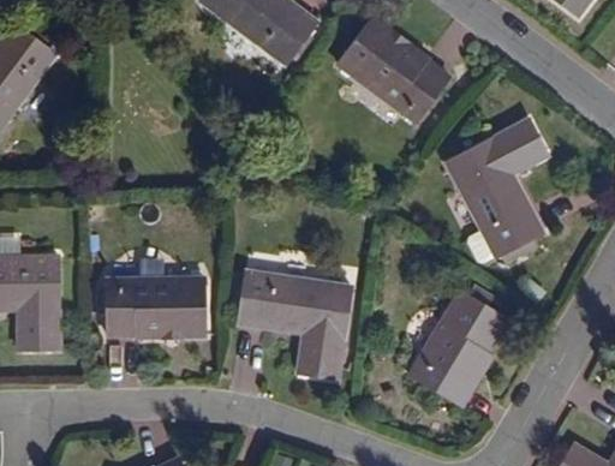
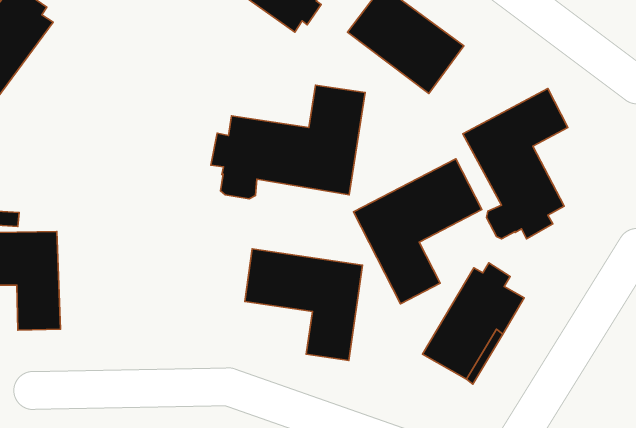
building: none -> [211,85,365,199]
building: none -> [353,159,482,304]
building: [100,279,204,336] -> none

